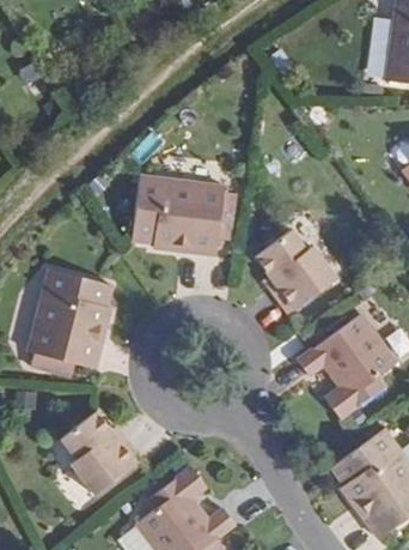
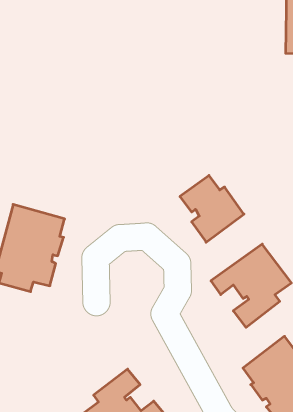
building: [132,169,237,252] -> none
building: [62,416,141,497] -> none

